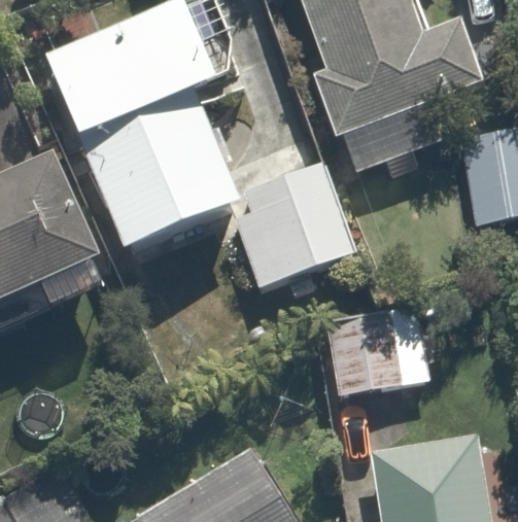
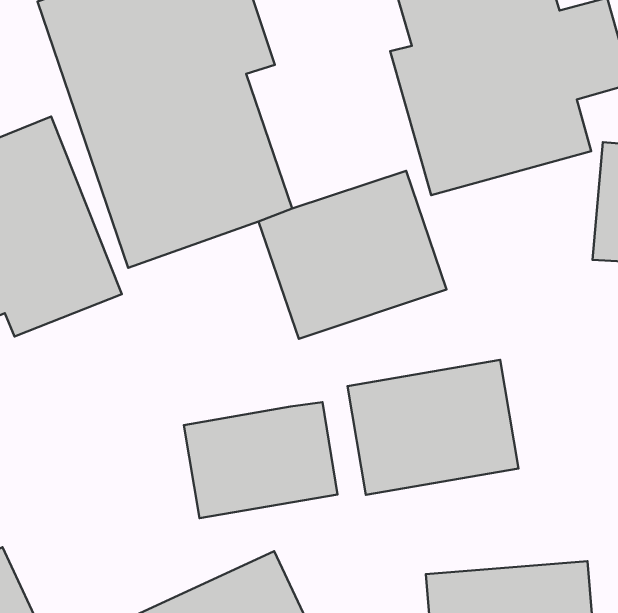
building: none -> [184,402,337,518]

